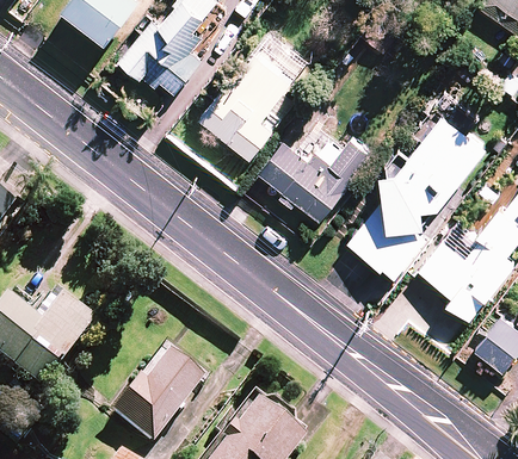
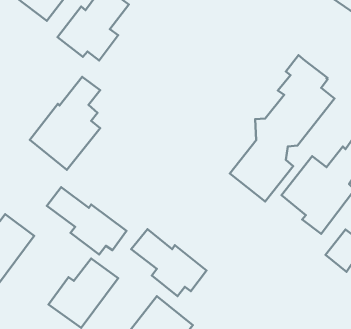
building: [203,31,296,154] -> [30,77,100,170]
building: [266,128,381,216] -> none
building: none -> [47,187,126,255]
building: none -> [131,229,207,296]

